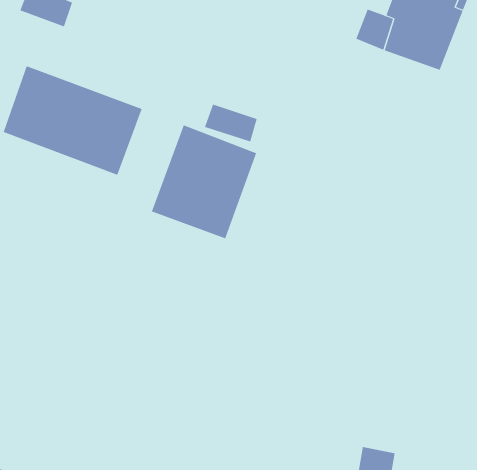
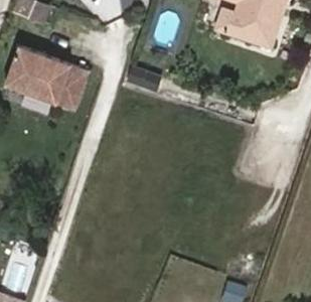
building: [151,124,257,239] -> none

